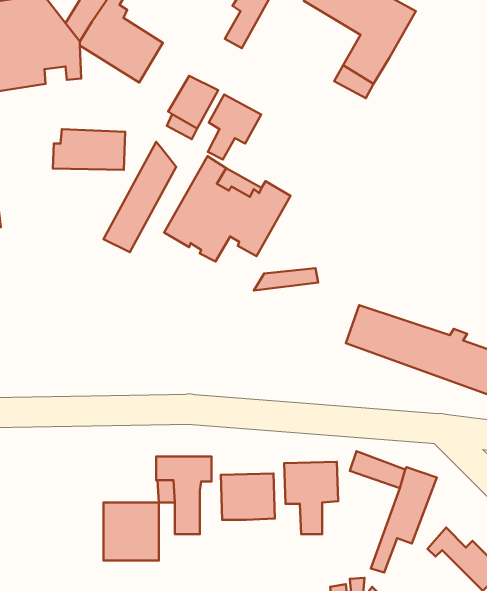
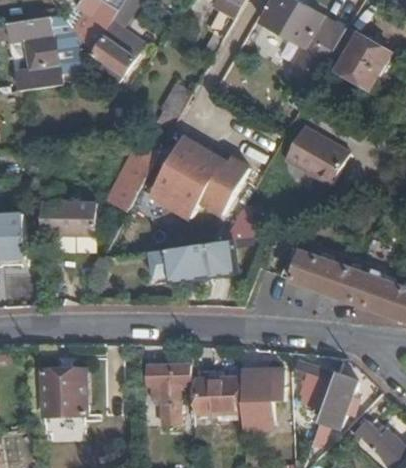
building: none -> [323,27,387,87]
building: [208,95,261,159] -> none
building: [53,129,125,170] -> [39,201,94,232]
building: none -> [281,125,346,185]
building: none -> [153,242,239,283]
building: [104,503,159,561] -> [41,370,83,414]

